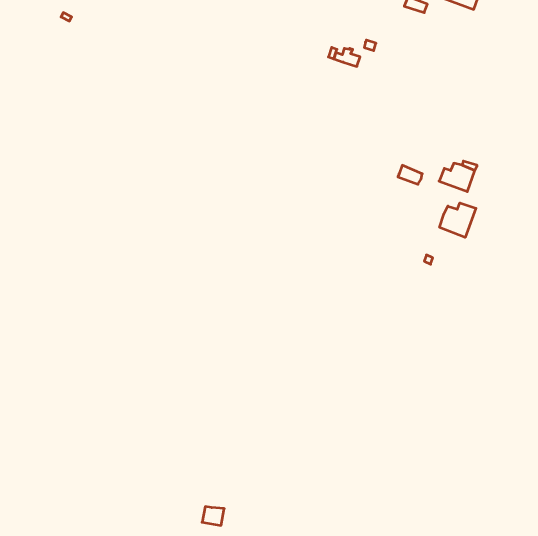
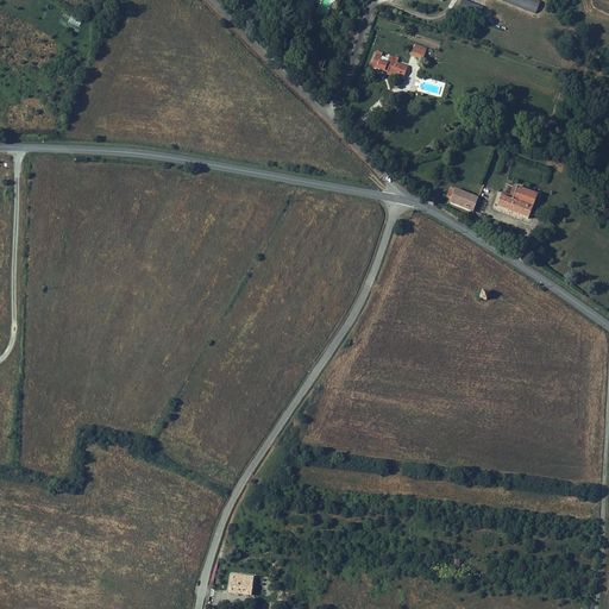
building: [440,203,476,237] -> none

